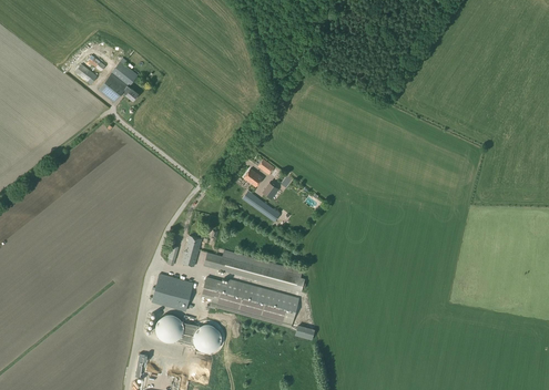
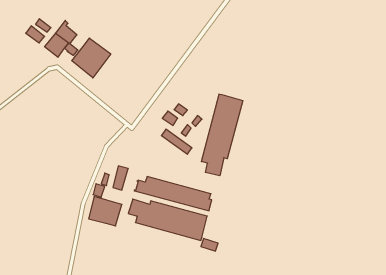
building: none -> [72,38,111,78]
building: none -> [201,94,243,176]
building: [155,314,221,352] -> none

